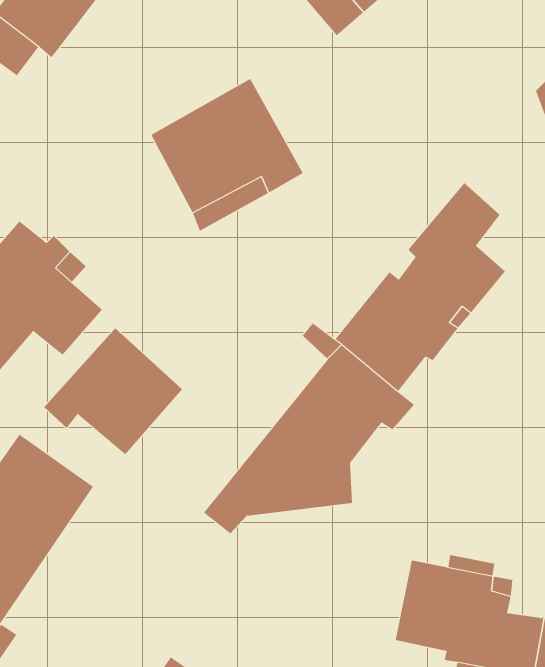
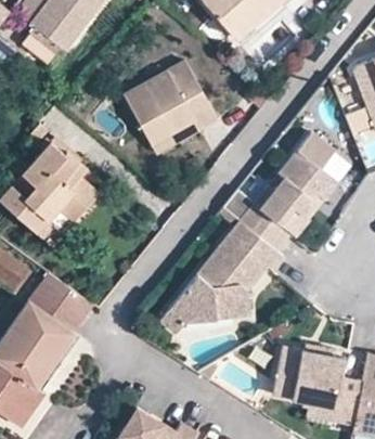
building: [43,328,183,455] -> none

